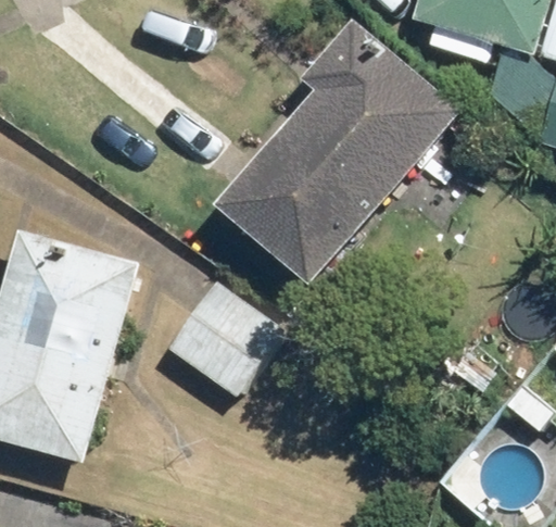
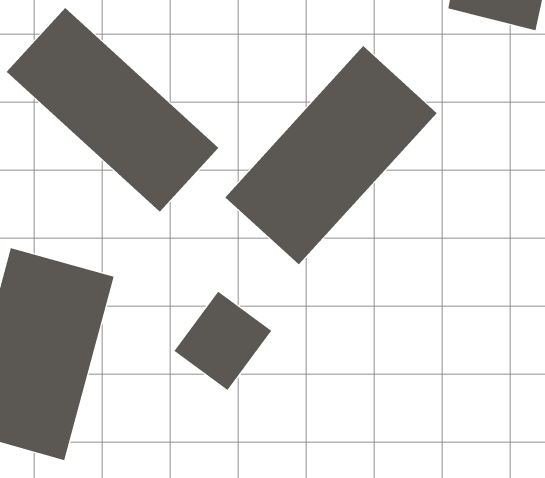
building: none -> [6,7,219,213]

